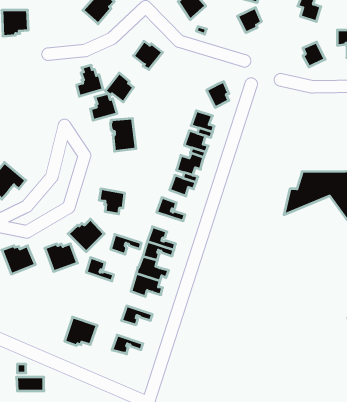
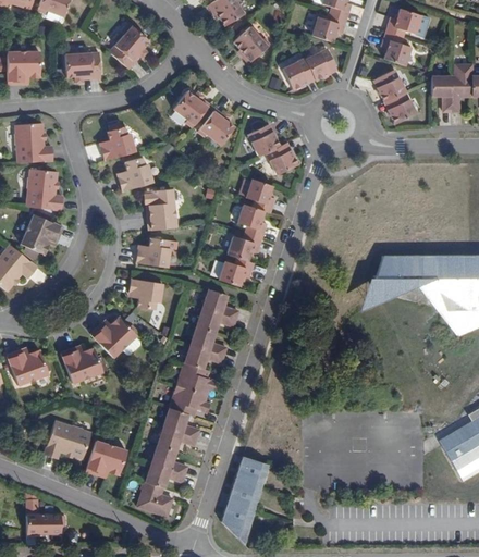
building: none -> [64,48,101,79]
building: none -> [283,58,315,86]
building: none -> [377,69,405,101]
building: none -> [15,122,52,162]
building: none -> [248,125,280,156]
building: [105,73,134,102] -> [198,108,234,145]
building: none -> [26,168,62,210]
building: none -> [21,213,63,253]
building: none -> [136,237,170,267]
building: [111,234,141,254] -> [197,307,236,332]
building: [86,258,114,281] -> [164,407,199,436]
building: none -> [45,421,91,458]
building: none -> [152,444,188,473]
building: none -> [221,457,266,537]
building: none -> [138,480,173,516]

